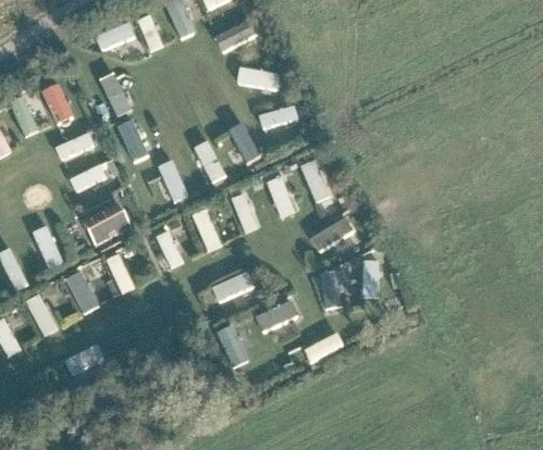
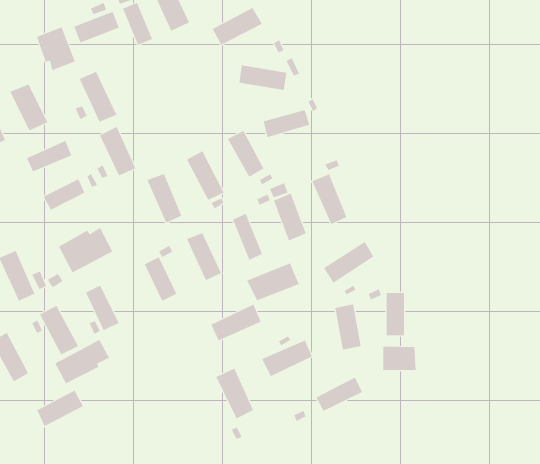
building: none -> [36,26,76,71]
building: none -> [247,262,299,301]
building: none -> [55,339,110,384]
building: none -> [383,346,416,371]

